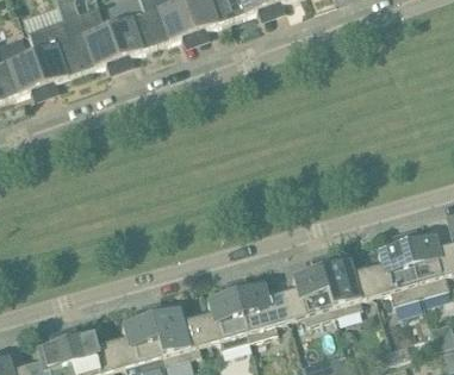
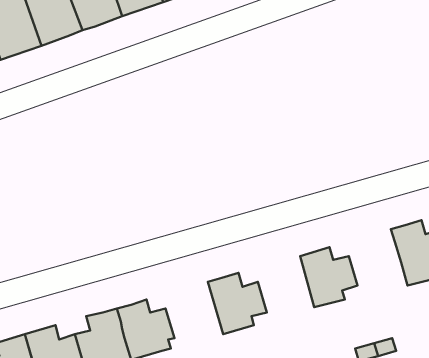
building: [366,242,421,302] -> none
building: [281,267,334,323] -> none
building: [195,290,249,348] -> none

